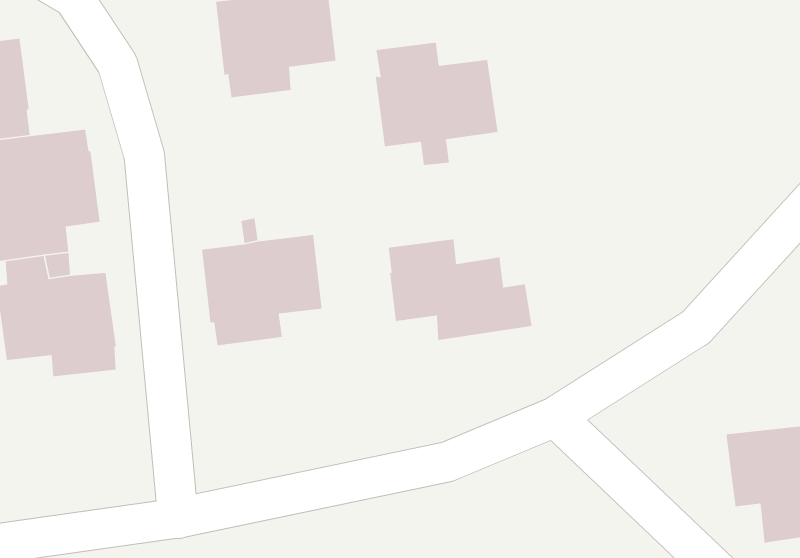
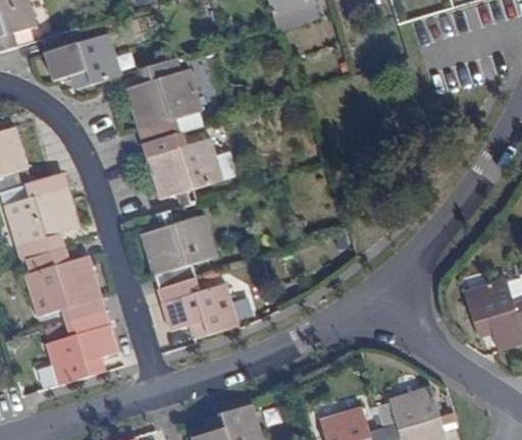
building: [375,42,499,166] -> [144,132,223,206]
building: [388,239,532,341] -> [159,277,251,338]
building: none -> [46,312,117,385]

